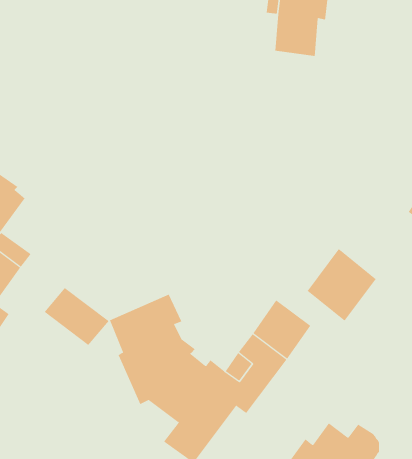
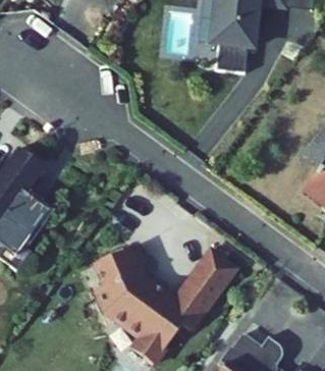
building: [307,248,377,322] -> none
building: [44,287,109,346] -> none

